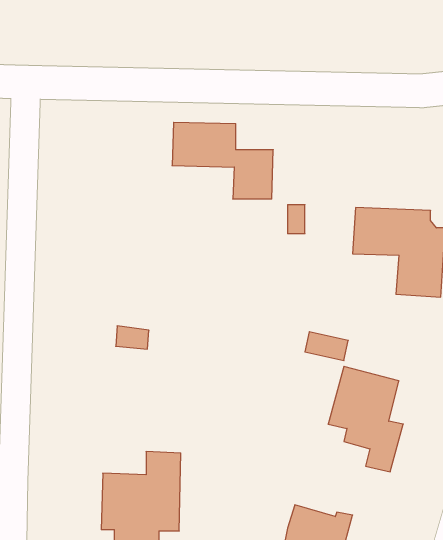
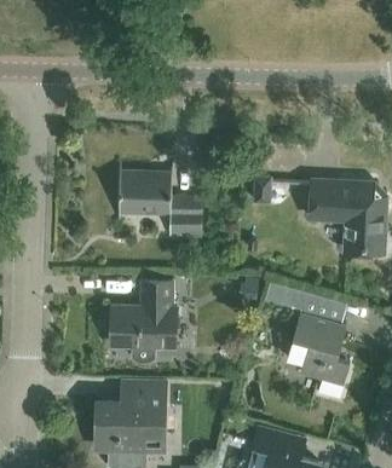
building: [172,122,273,199] -> [116,173,201,237]
building: none -> [110,281,177,364]

